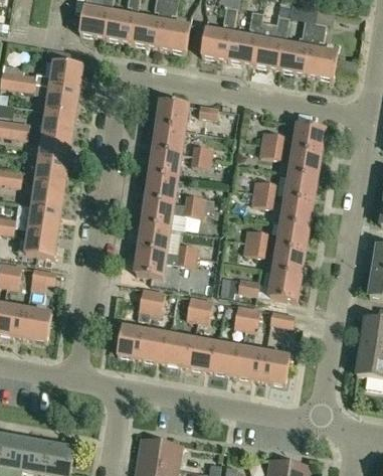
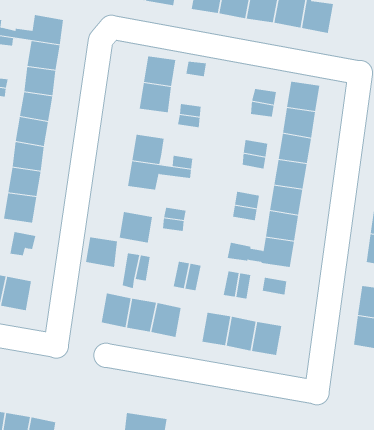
building: [150,150,181,178] -> none
building: [138,223,169,253] -> [85,237,118,267]
building: [188,339,217,371] -> none

